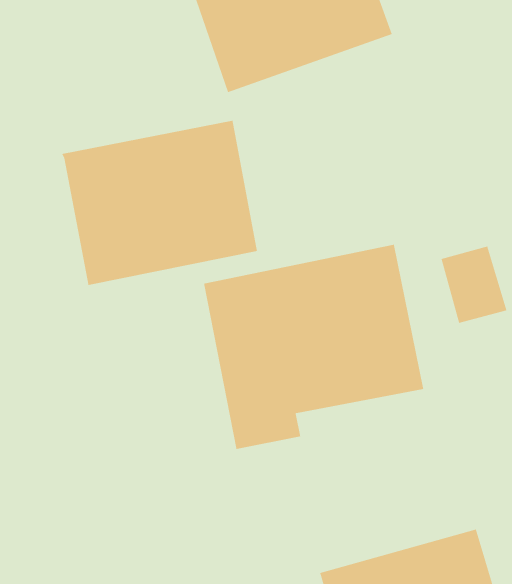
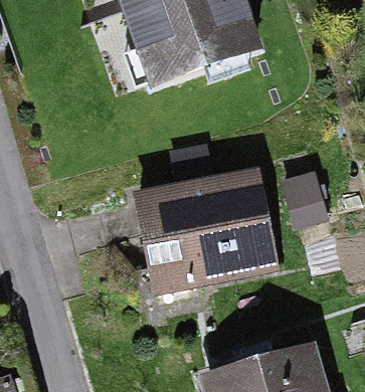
building: [61,120,258,286] -> none

